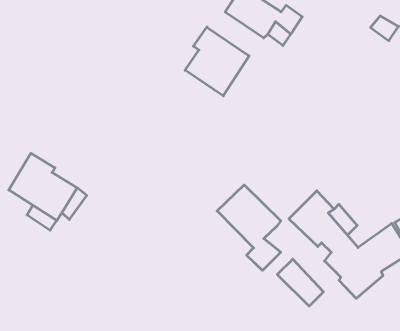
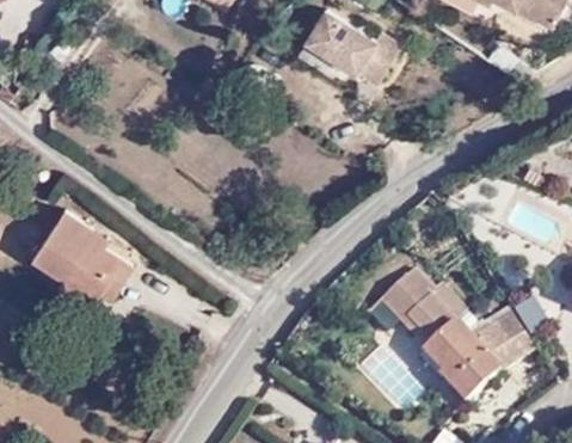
building: [185,27,249,96] -> none
building: [217,185,281,270] -> none

